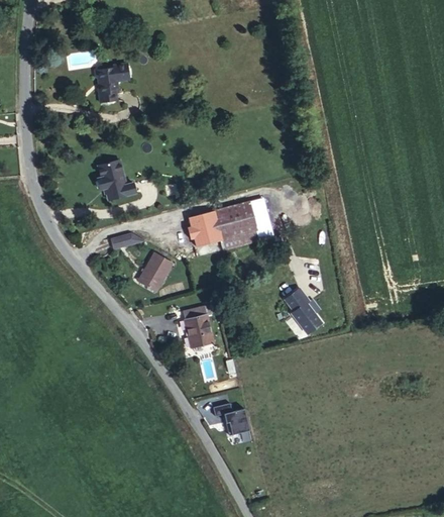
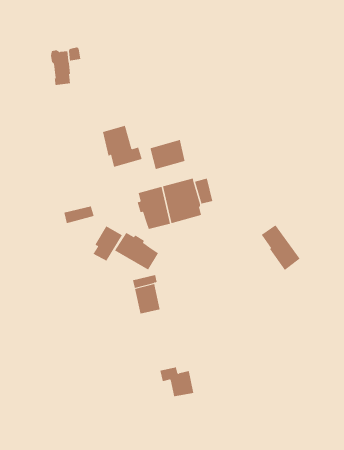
building: [95,159,138,204] -> [102,125,143,168]
building: none -> [150,139,185,170]
building: none -> [114,232,159,270]
building: [282,288,324,337] -> [261,225,300,271]

